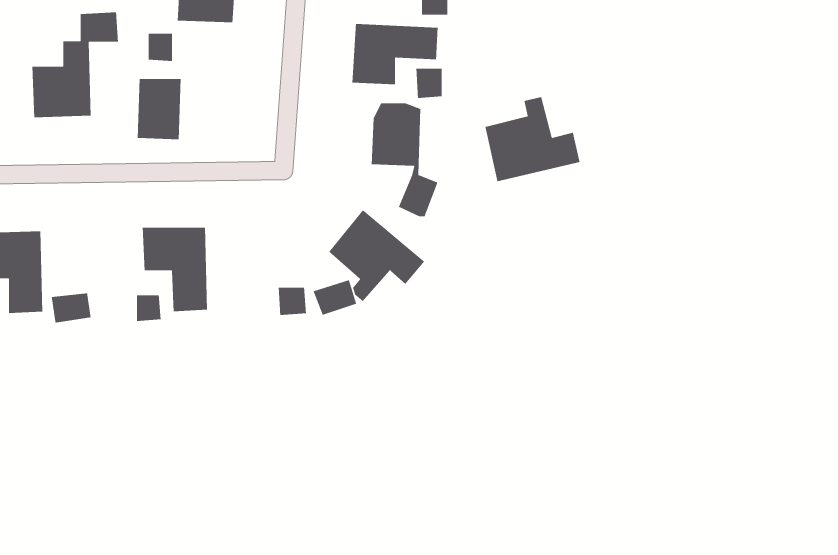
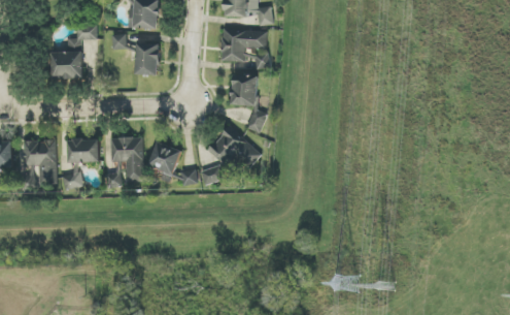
building: [137,78,181,140] -> [135,42,159,75]
building: [485,96,581,182] -> none
building: none -> [67,139,99,162]
building: none -> [148,141,179,175]

